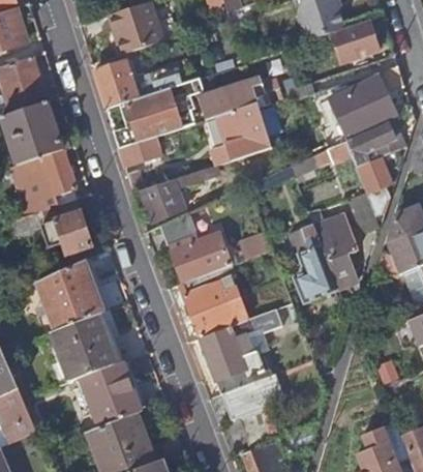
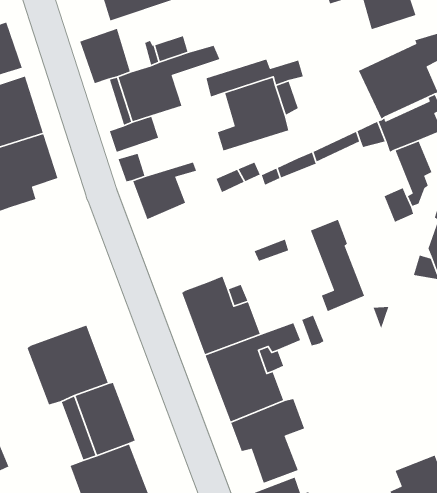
building: [36,199,91,253] -> none
building: [313,211,358,286] -> none
building: [161,212,230,282] -> none
building: [35,257,105,328] -> none

